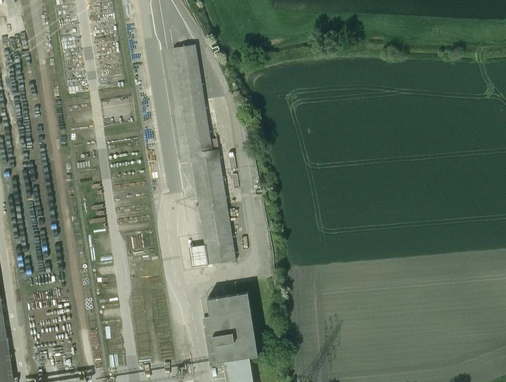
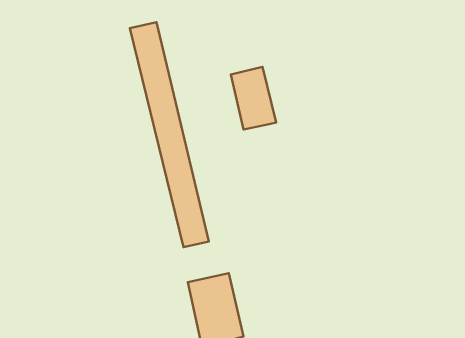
building: none -> [231,67,276,129]

